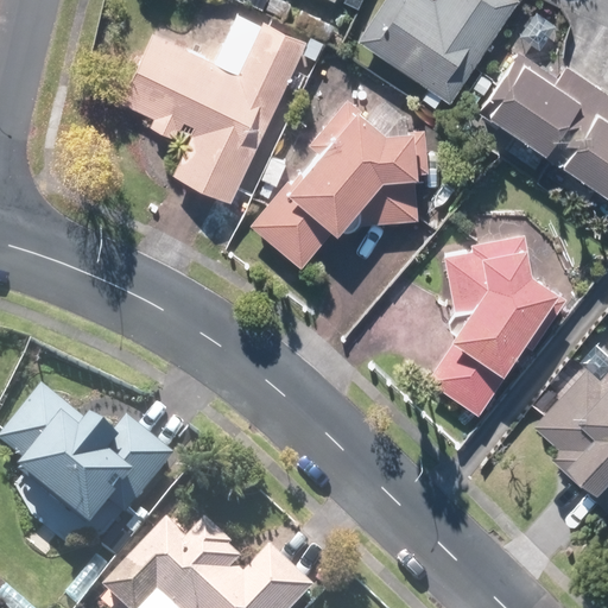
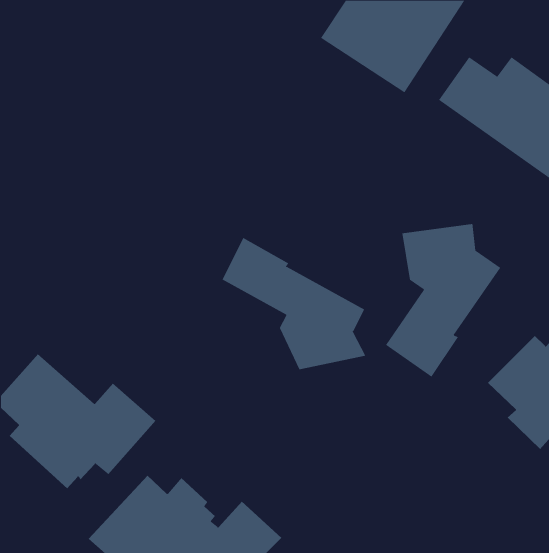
building: [121,14,306,202] -> none
building: [251,107,424,267] -> none
building: none -> [222,237,366,370]

